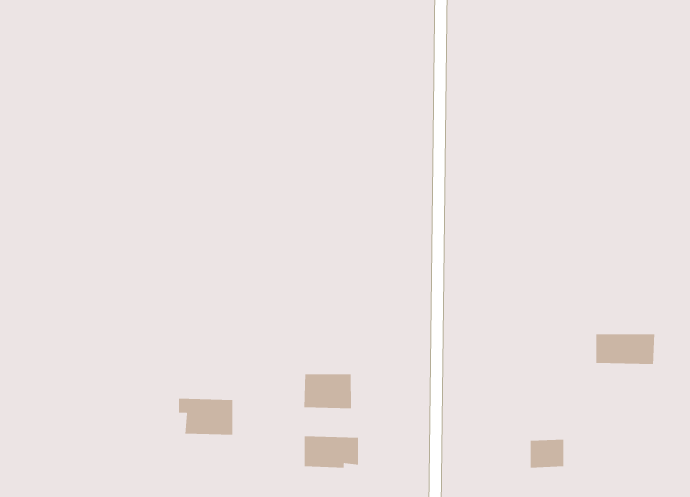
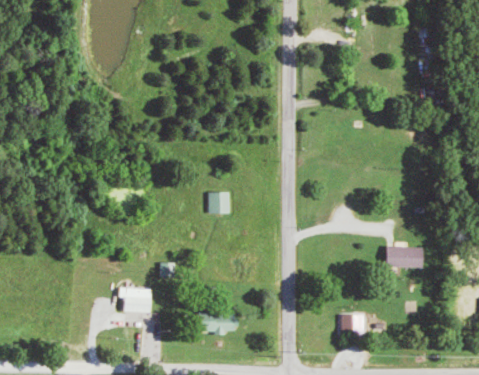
building: none -> [208,192,230,213]
building: [303,373,352,409] -> none

